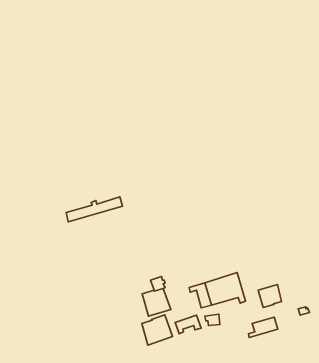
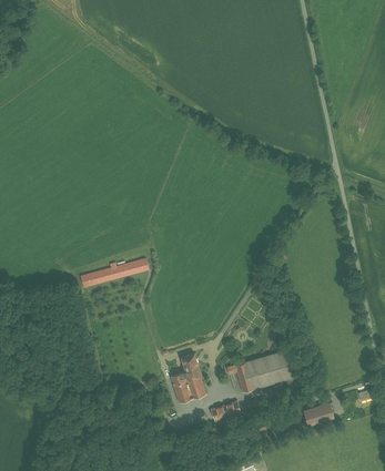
building: [258,284,282,307] -> none
building: [142,315,172,345] -> none

